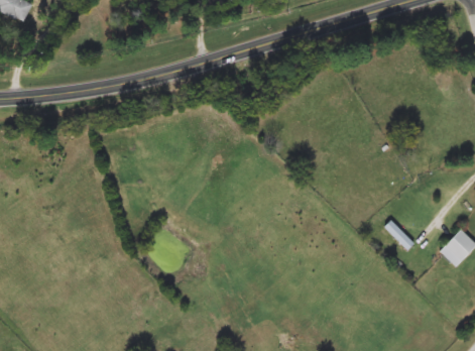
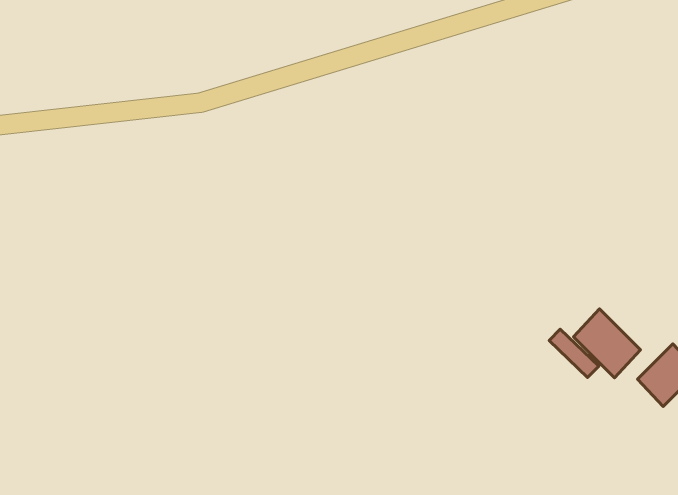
building: none -> [573,309,640,378]

